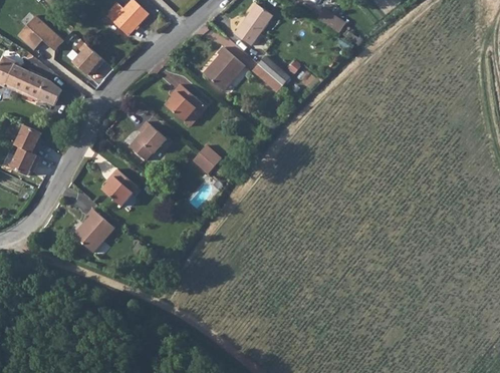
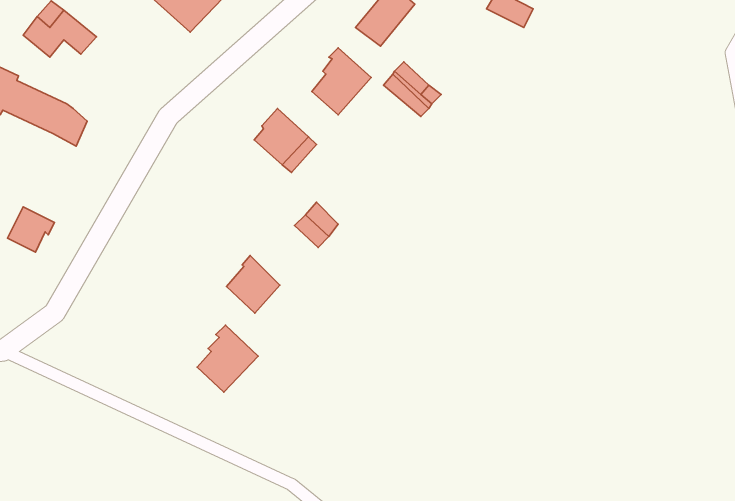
building: [70,44,102,76] -> none
building: [131,119,168,158] -> none
building: [13,125,40,155] -> none
building: [104,166,139,204] -> [227,255,280,313]
building: [75,206,114,249] -> [197,325,258,392]

